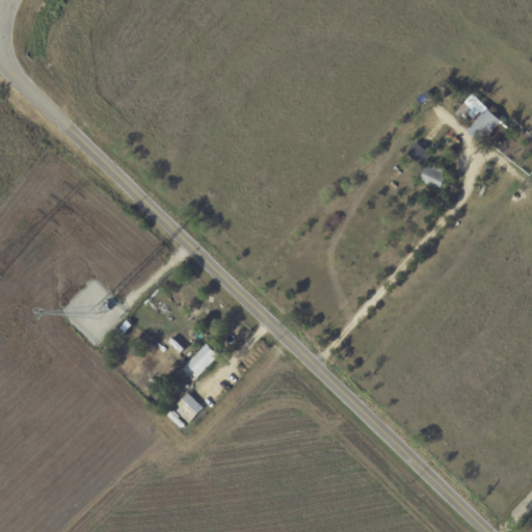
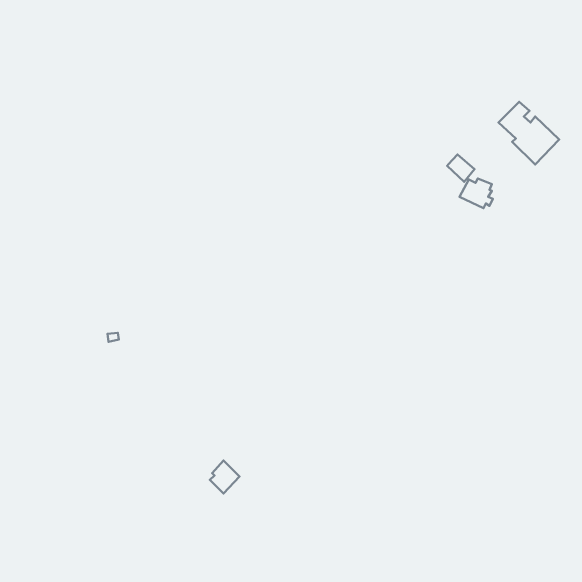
building: [181,342,218,379] -> none
building: [175,392,202,422] -> [210,460,240,494]

